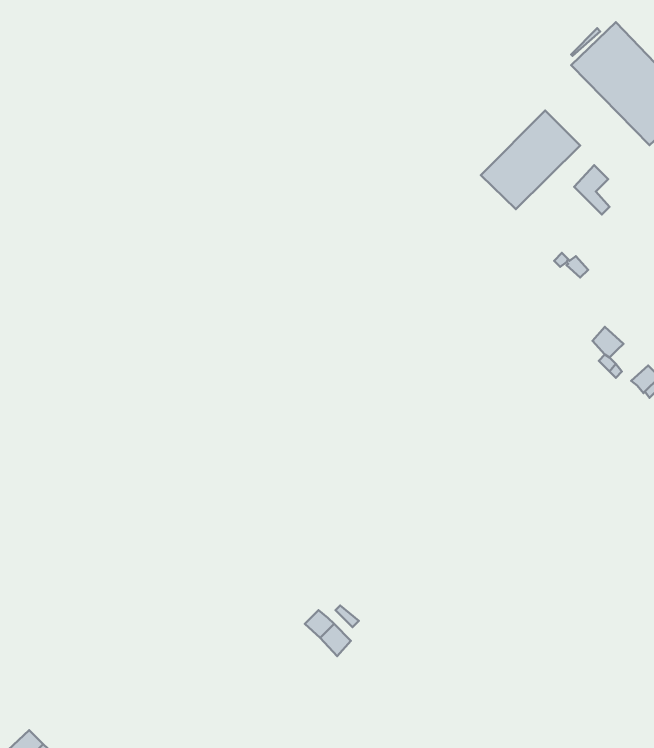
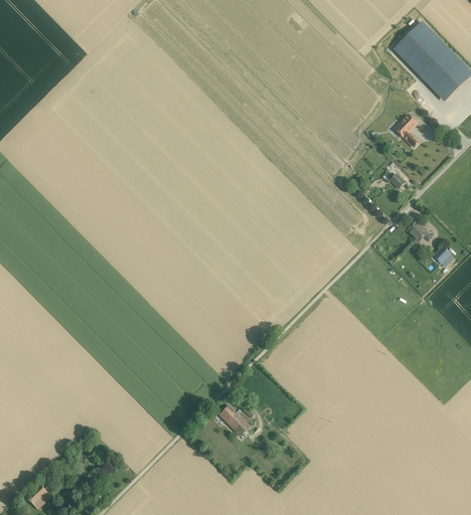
building: [481,111,580,209] -> none

